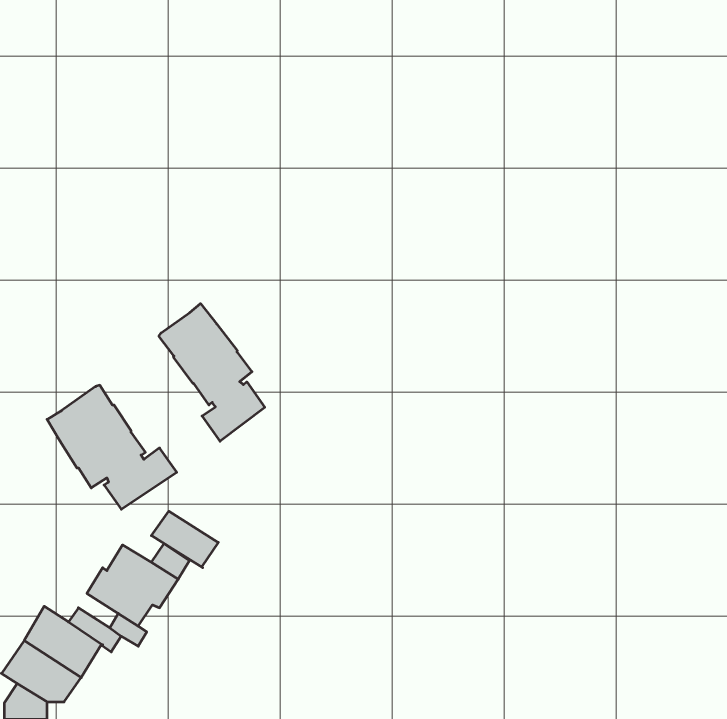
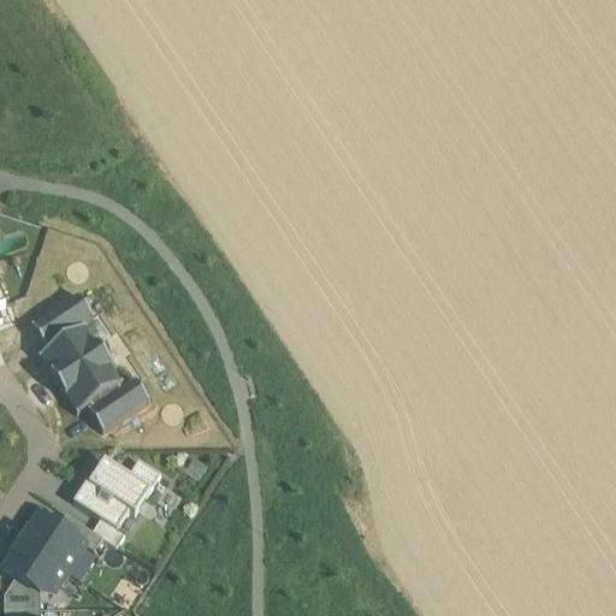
building: [159,304,265,441] -> none
building: none -> [32,294,93,346]
building: [151,511,218,568] -> none

